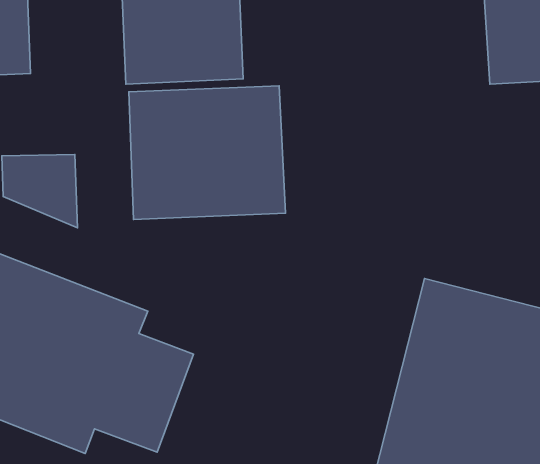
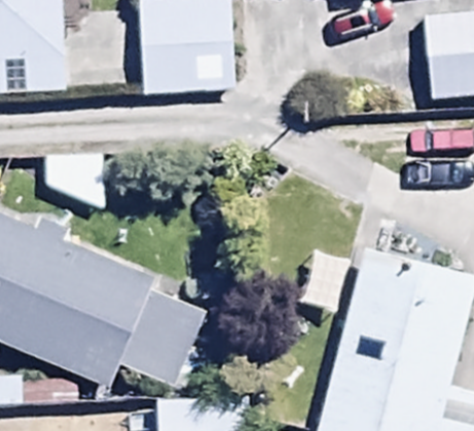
building: [129,86,285,219] -> none

